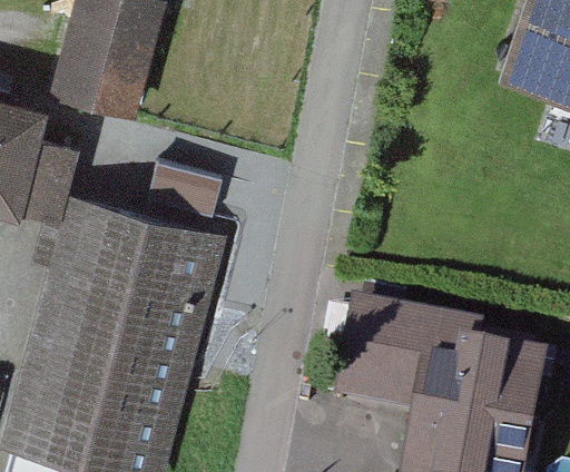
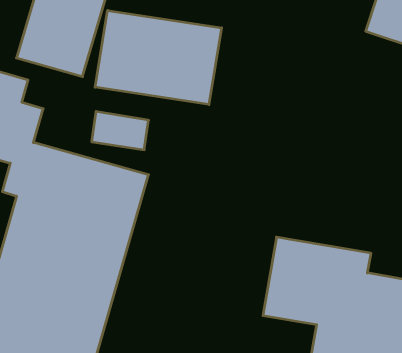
building: none -> [95,10,222,105]

